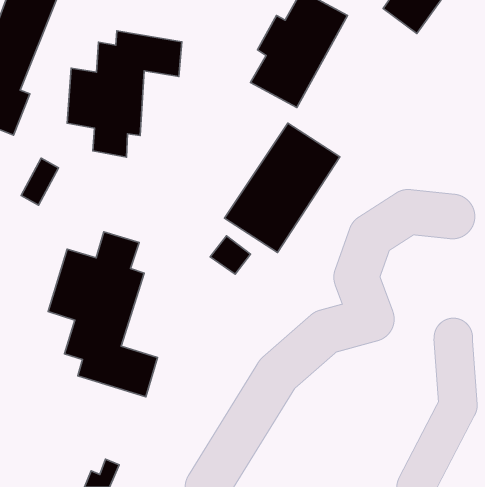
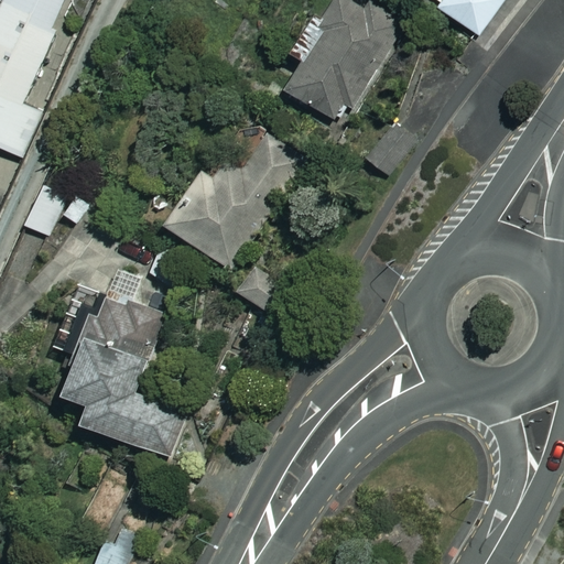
building: [67,31,182,157] -> none
building: [225,123,340,253] -> [170,121,302,270]

